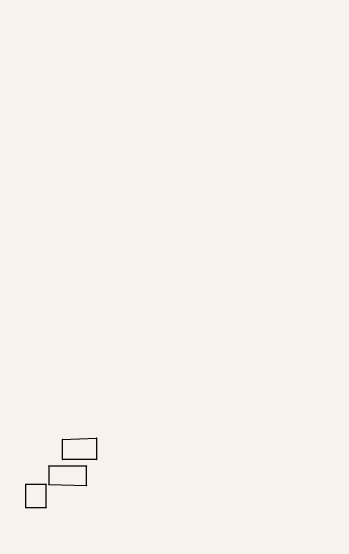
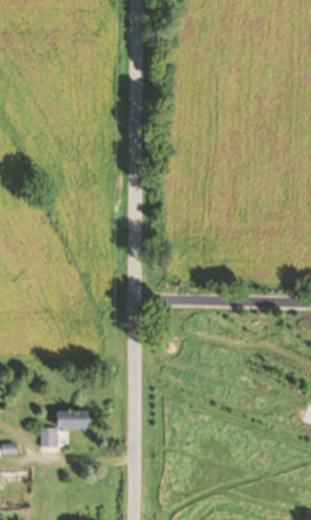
building: [63,438,97,460] -> none

